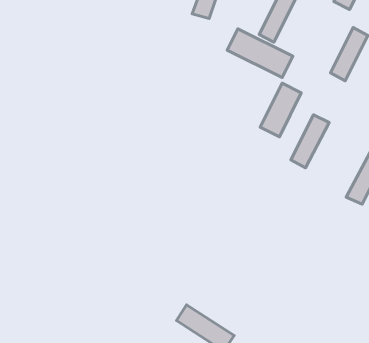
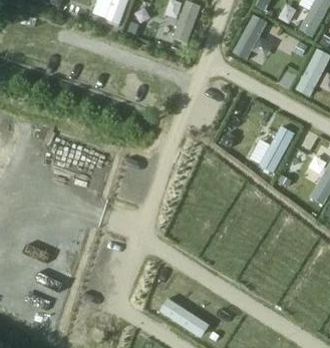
building: [227,29,293,78] -> none
building: [260,83,301,137] -> none

